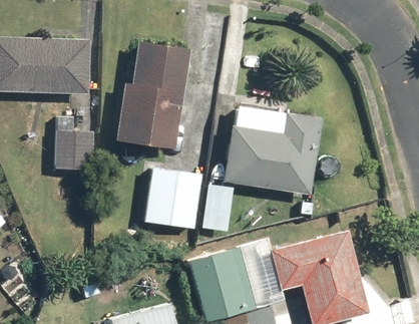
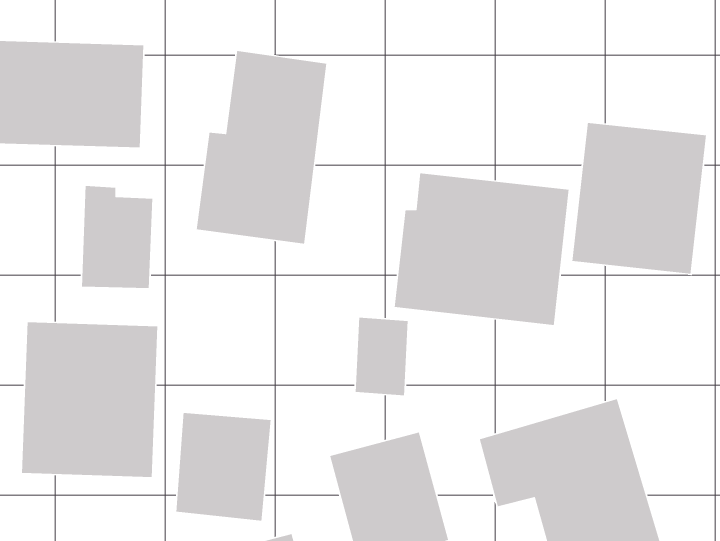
building: none -> [571,122,707,274]
building: [147,170,199,229] -> [175,412,272,521]
building: none -> [21,321,158,478]

